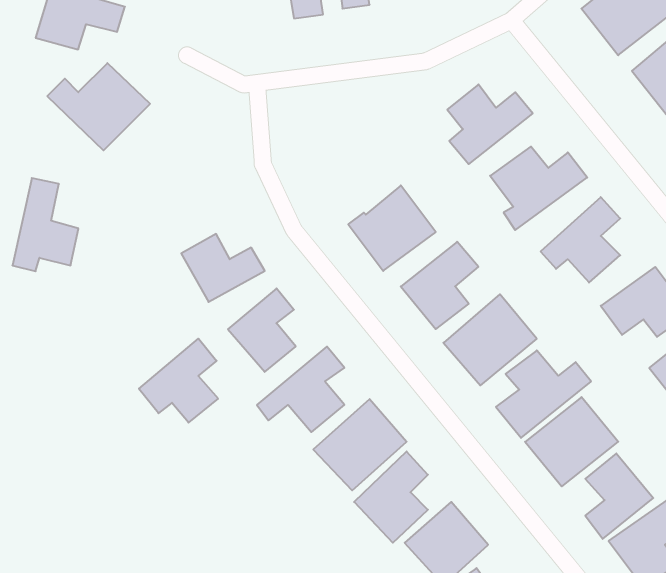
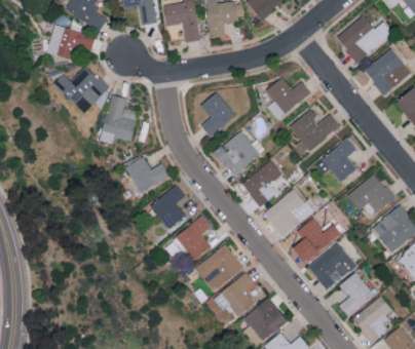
building: none -> [200,92,235,137]
building: [12,178,78,271] -> [101,94,136,144]
building: [139,339,218,423] -> none

